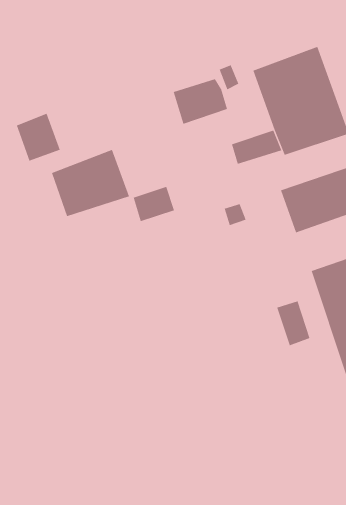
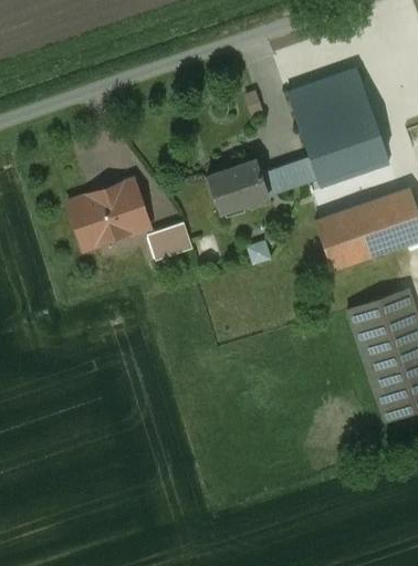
building: [173,79,228,125] -> [209,163,269,212]
building: [16,113,61,161] -> none
building: [276,300,310,346] -> none

